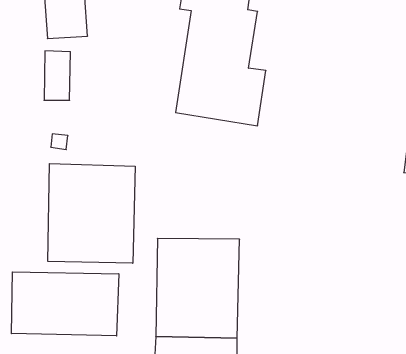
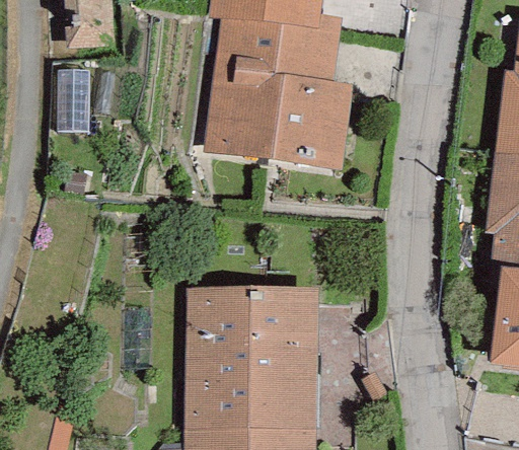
building: [48,164,135,263] -> none
building: [11,272,119,336] -> none

